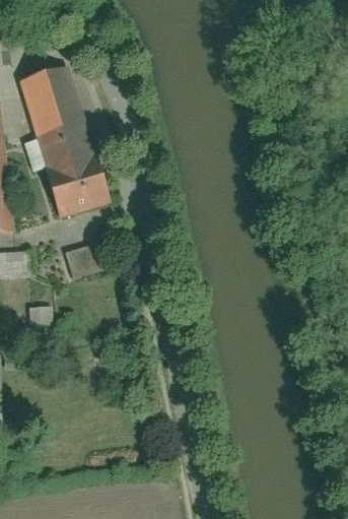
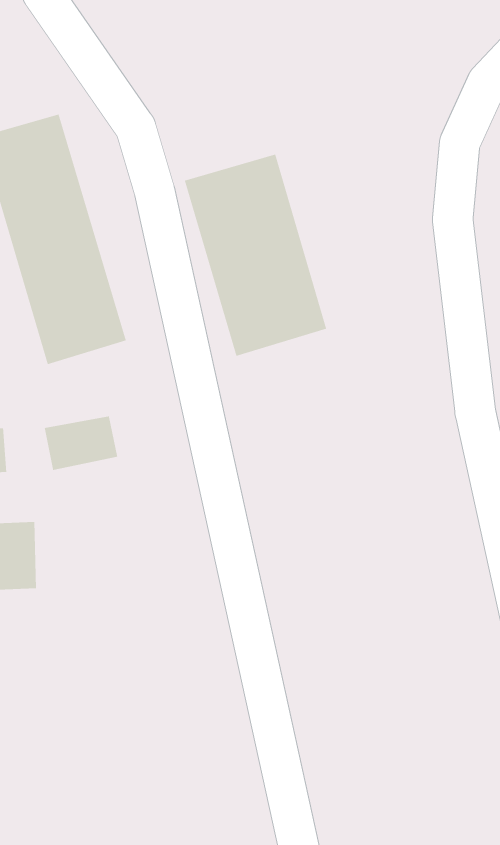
building: none -> [184,153,327,357]

